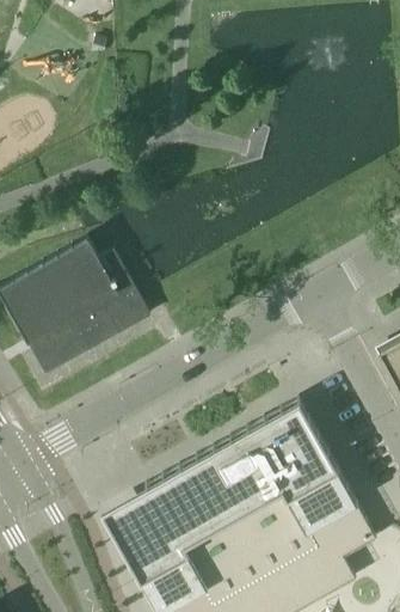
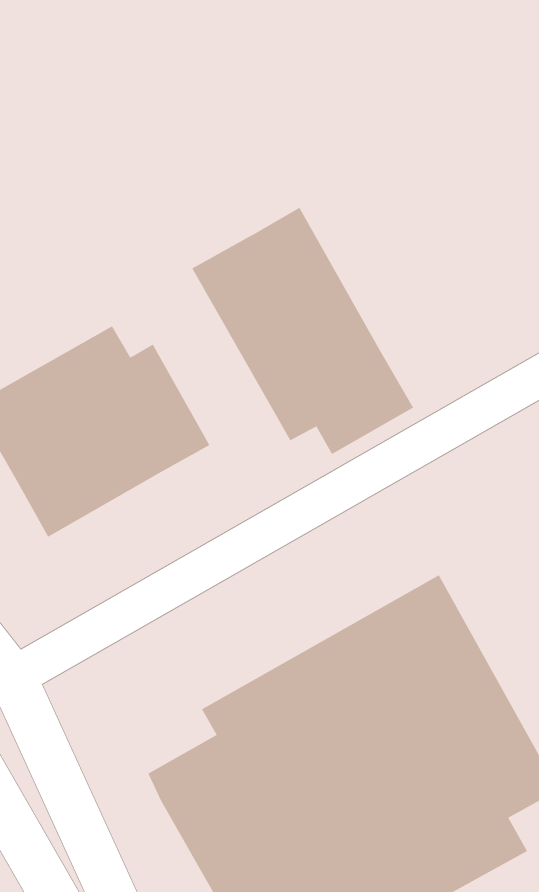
building: none -> [192,207,414,455]

